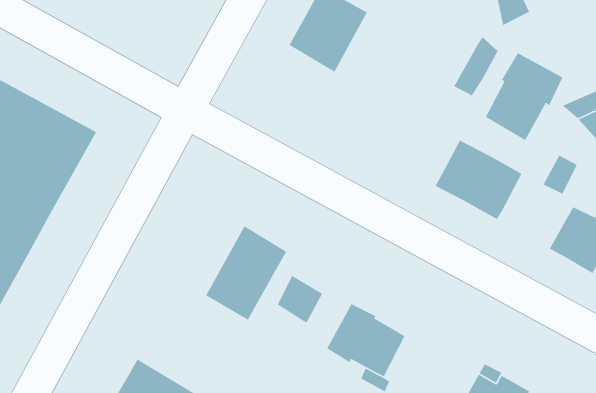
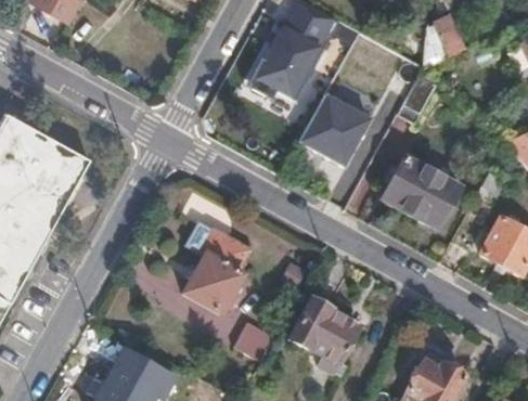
building: [485,52,563,141] -> none
building: none -> [299,94,371,166]
building: [277,275,323,324] -> [234,319,274,361]

